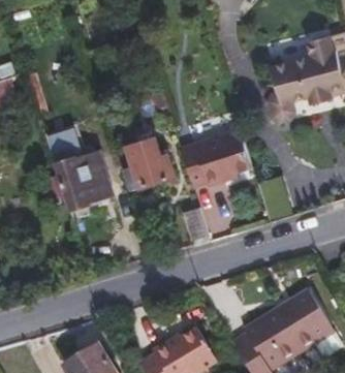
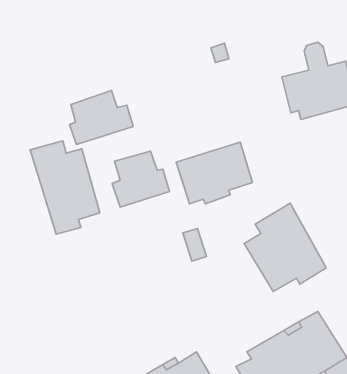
building: none -> [70,91,133,144]
building: none -> [244,203,326,291]

